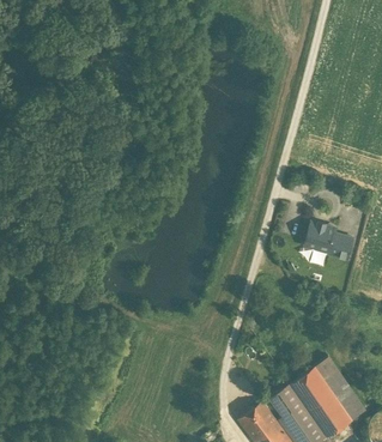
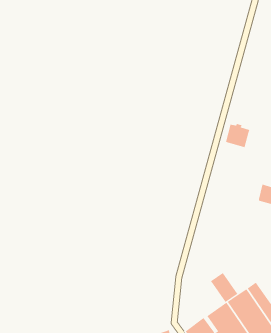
building: [305,224,336,255] -> [225,123,250,148]
building: none -> [210,272,238,303]

